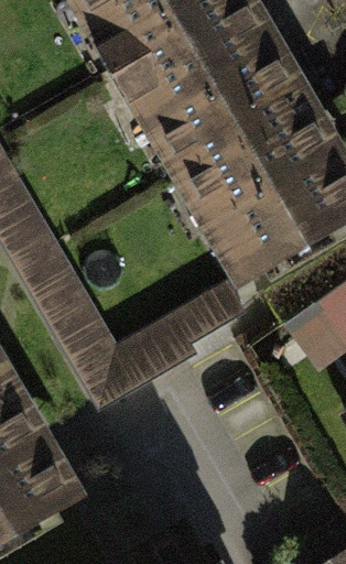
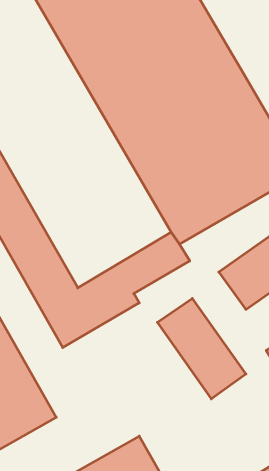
building: none -> [157,298,246,399]

